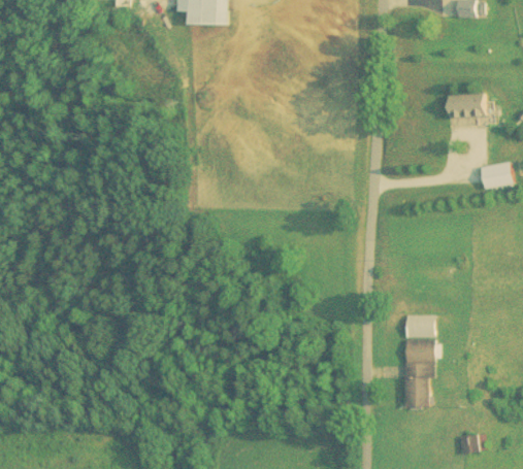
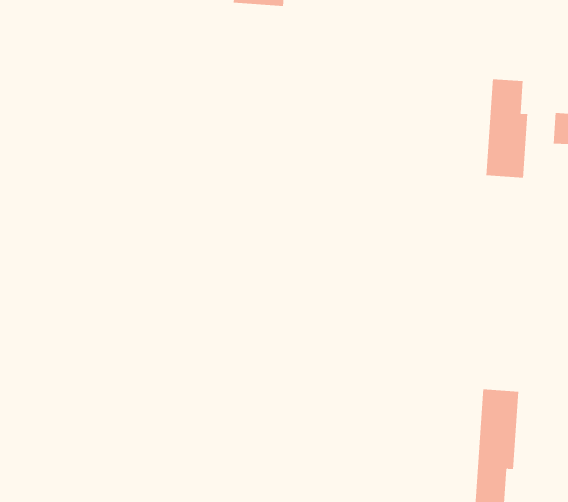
building: none -> [486,79,528,178]

